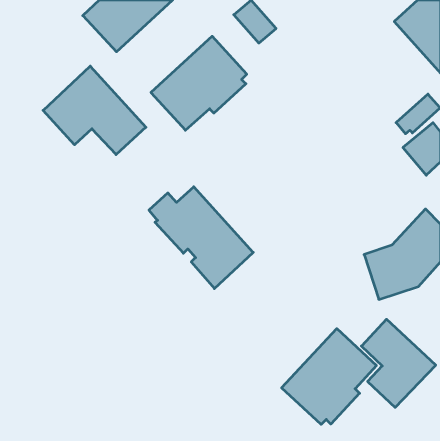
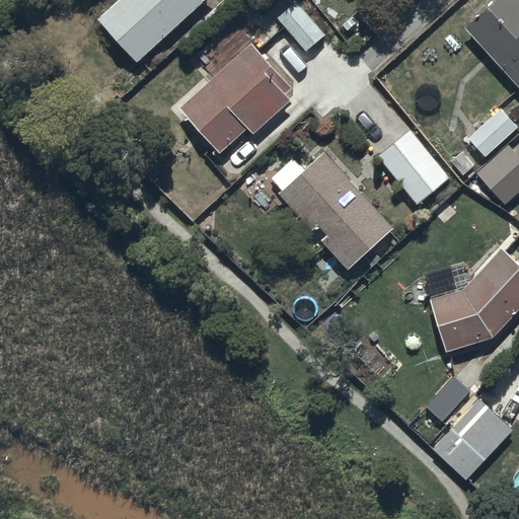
building: [43,66,146,155] -> none
building: none -> [377,130,449,204]
building: [149,187,253,289] -> [271,150,393,270]
building: [282,329,376,424] -> none

